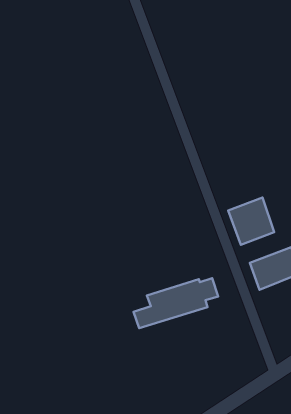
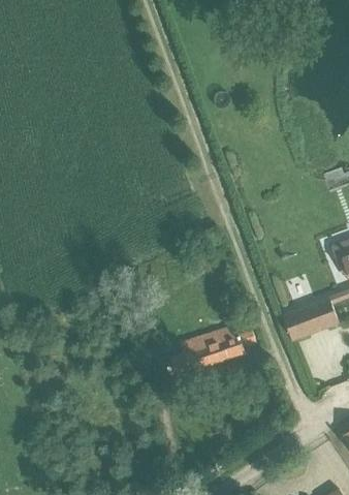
building: [228,197,274,245] -> none

